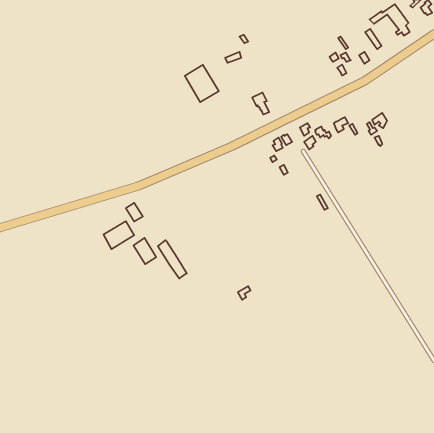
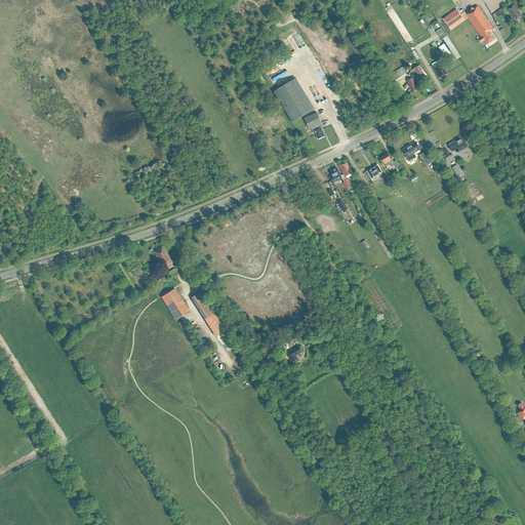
building: [185,65,219,102] -> [274,77,315,122]
building: [104,221,134,249] -> none

